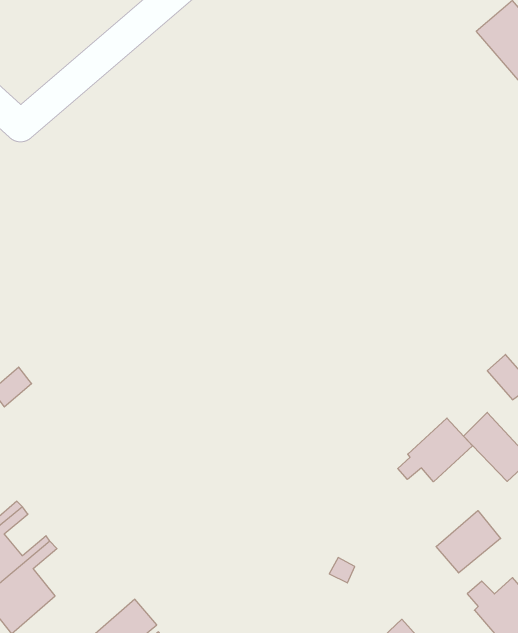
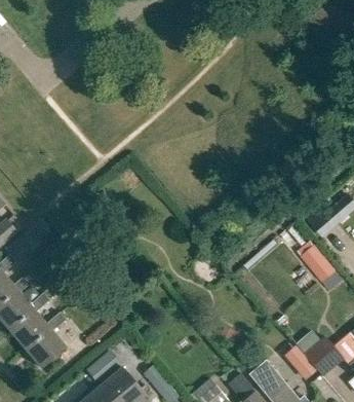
building: [398,418,473,482] -> none
building: [436,511,501,573] -> none

